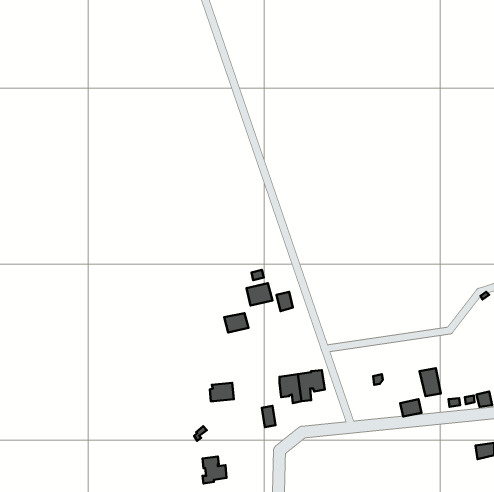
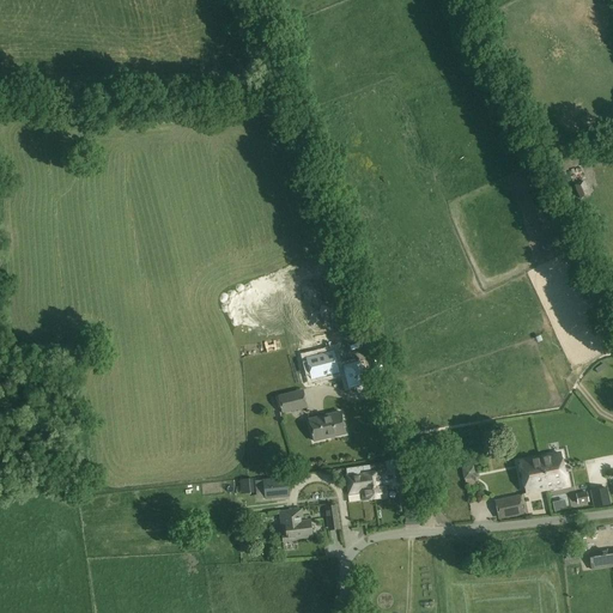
building: none -> [309,409,346,439]
building: none -> [540,451,566,487]
building: [202,457,227,484] -> [281,508,311,541]

